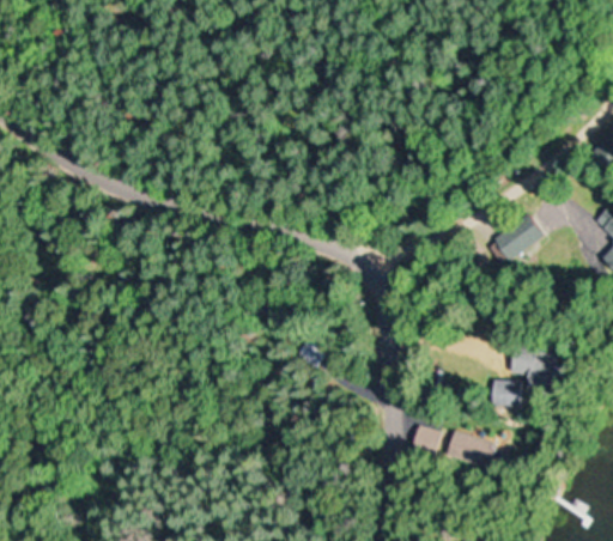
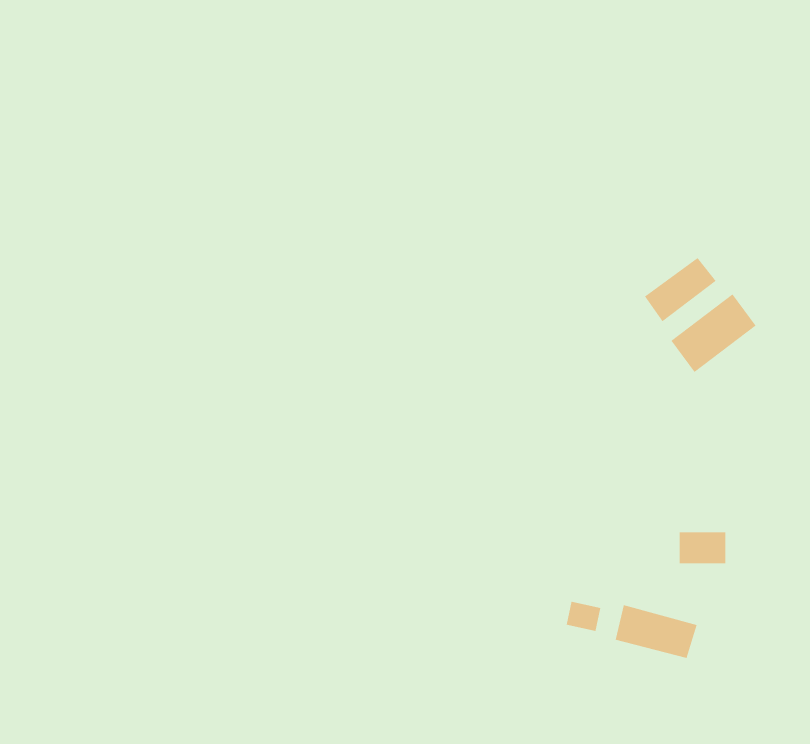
building: none -> [644,257,717,322]
building: [514,336,547,377] -> none

